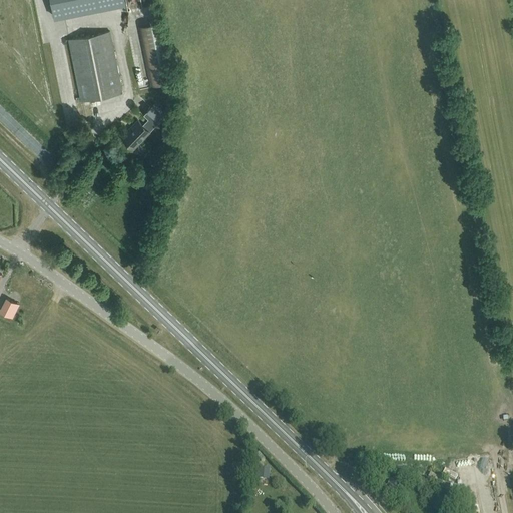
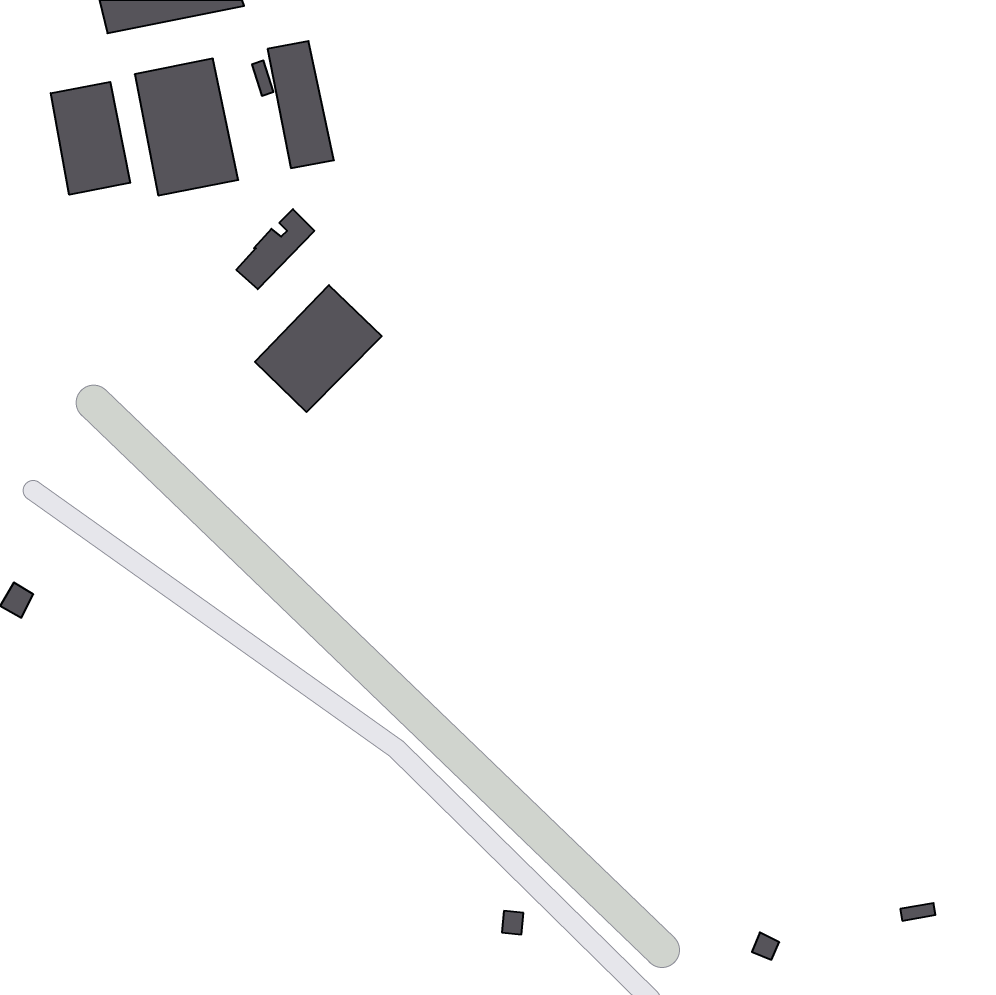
building: none -> [51,82,130,195]
building: none -> [255,285,382,412]

